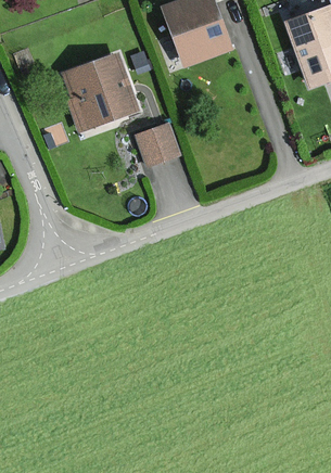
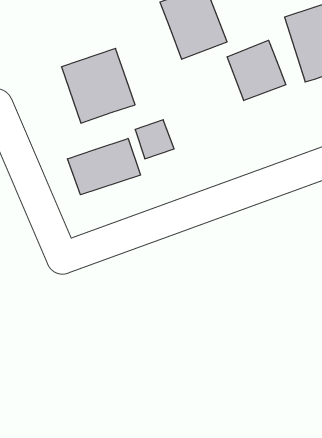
building: none -> [227,40,286,101]
building: none -> [67,138,140,195]

